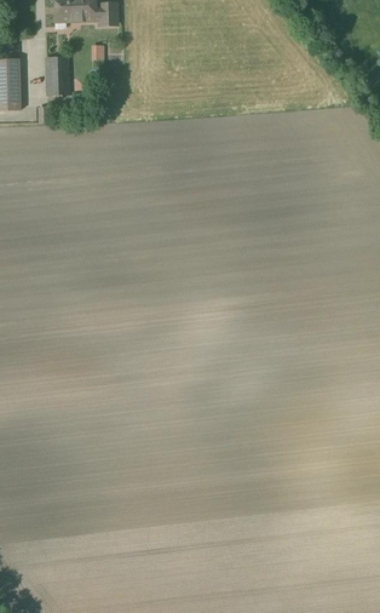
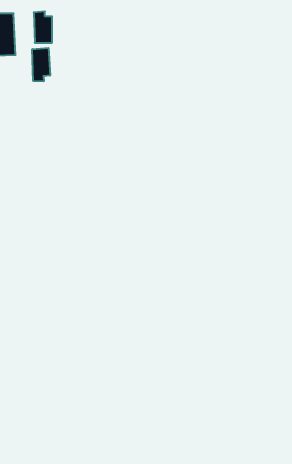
building: none -> [32,48,50,81]

